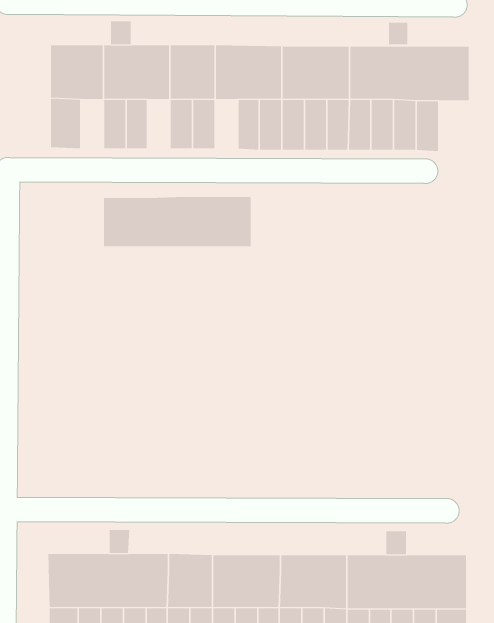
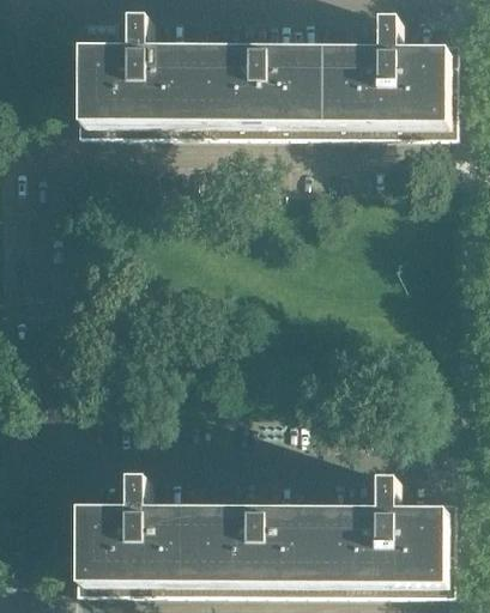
building: none -> [102,93,122,138]
building: none -> [162,93,182,138]
building: none -> [223,93,243,138]
building: none -> [424,95,452,140]
building: [104,196,251,247] -> none

